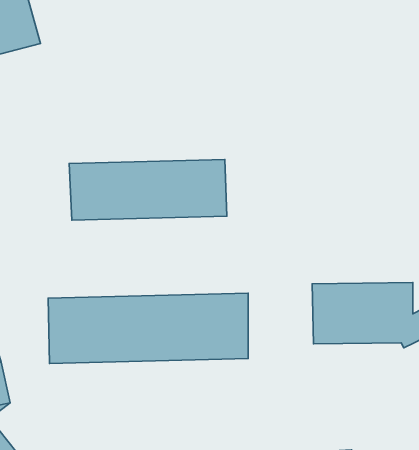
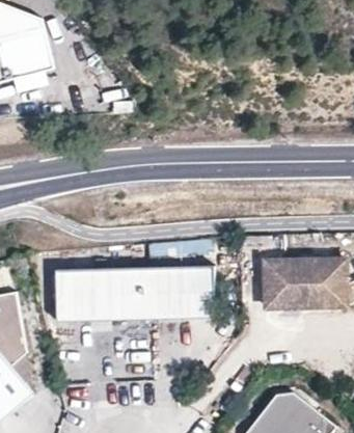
building: [69,159,227,220] -> none

